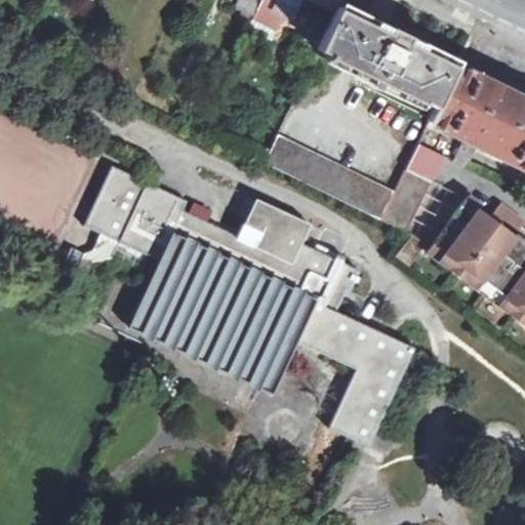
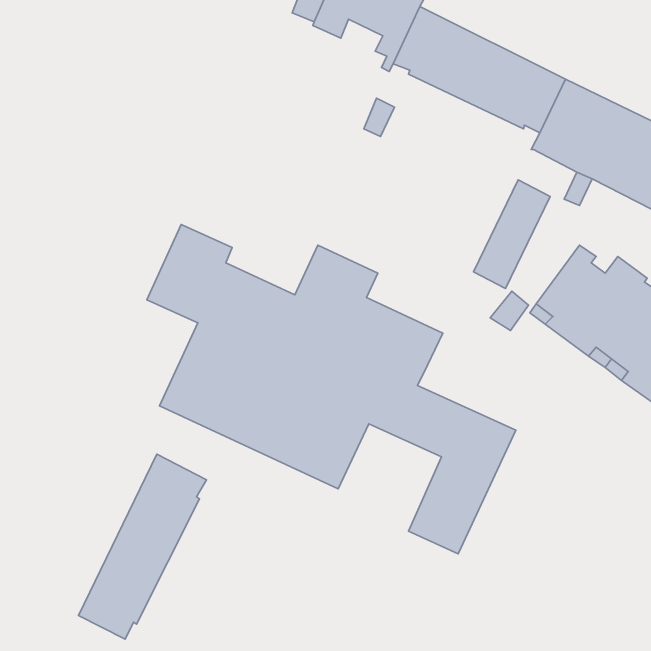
building: [266,133,395,218] -> none
building: [84,164,147,241] -> none
building: none -> [78,454,207,639]

